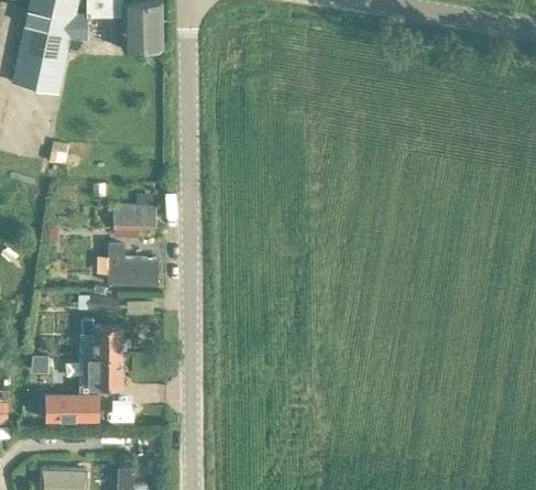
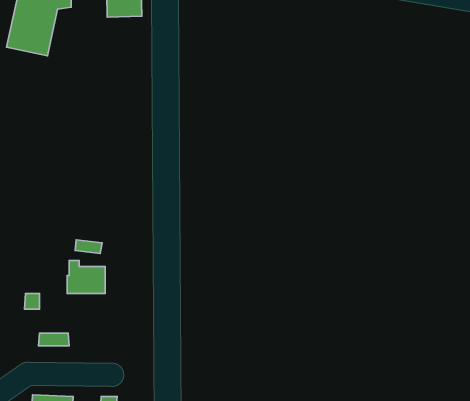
building: [112,207,155,230] -> none
building: [107,246,156,286] -> none
building: [92,357,121,394] -> none

